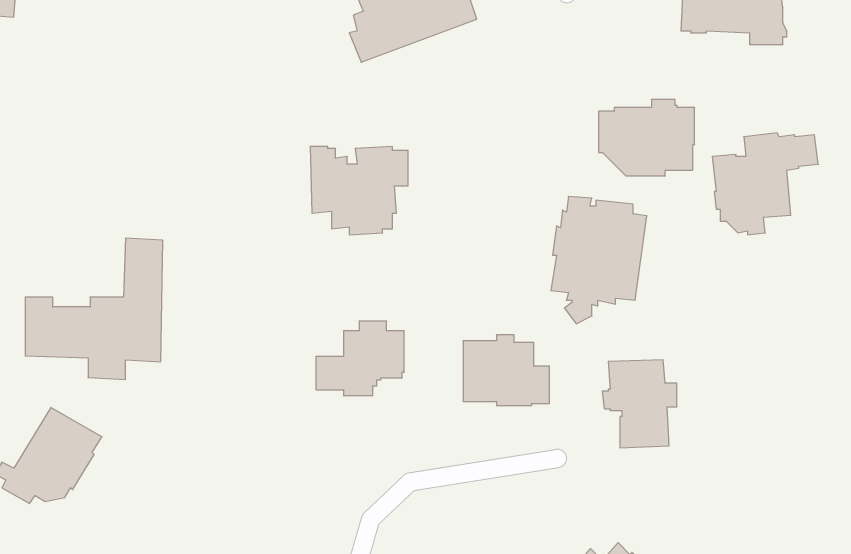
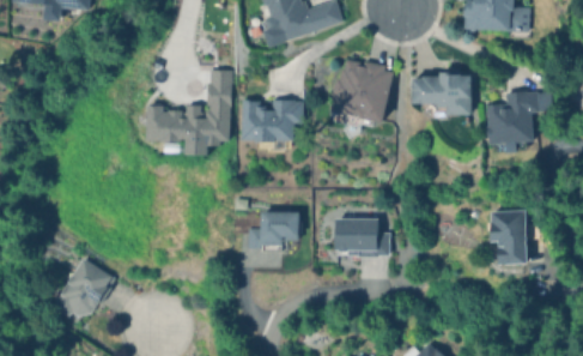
building: [551,196,647,324] -> [333,60,391,138]
building: [25,238,163,379] -> [145,68,229,155]
building: [602,360,677,448] -> [485,211,530,265]

